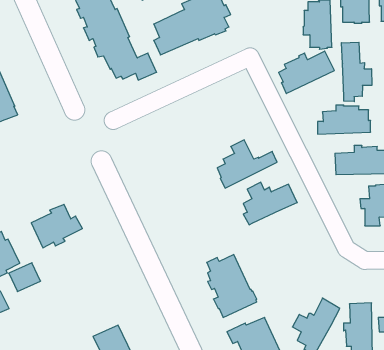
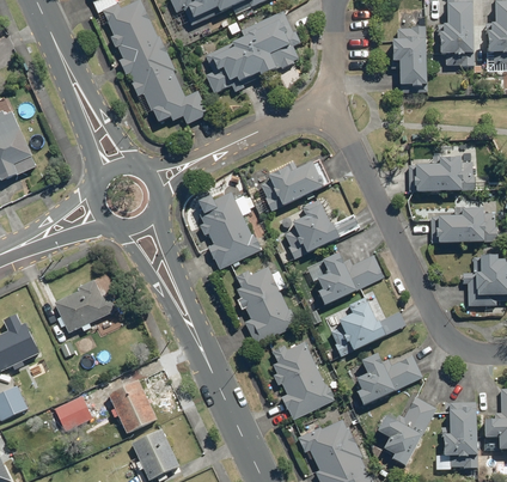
building: [341,42,372,102] -> none
building: [279,51,334,94] -> [261,158,330,211]
building: none -> [197,190,262,269]
building: none -> [236,266,298,343]
building: none -> [331,295,405,355]
building: [9,263,41,292] -> [53,395,92,431]
building: none -> [355,352,422,404]
building: none -> [106,379,157,432]

